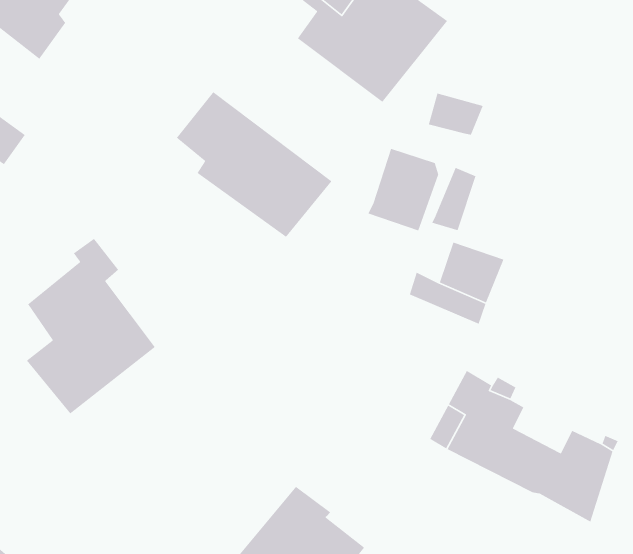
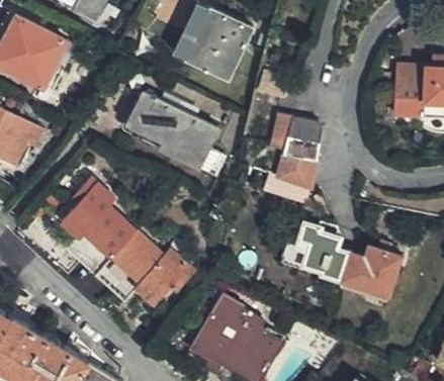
building: [367,148,439,231] -> [285,114,321,157]
building: none -> [94,233,193,304]

